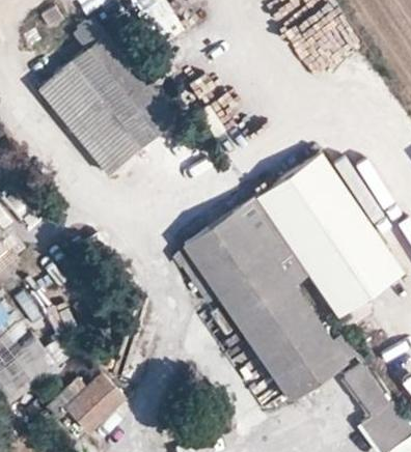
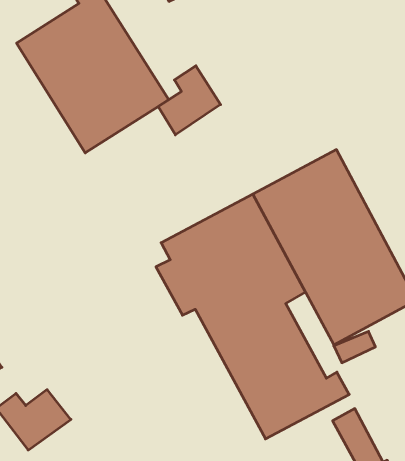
building: none -> [158,66,221,135]

